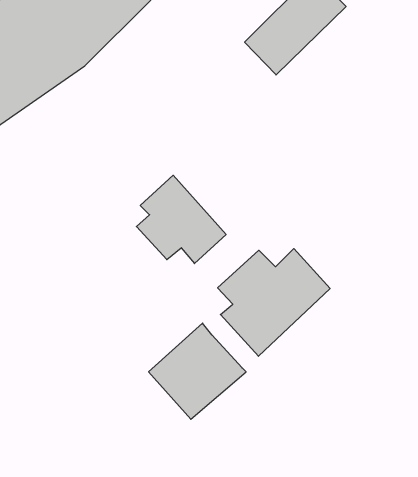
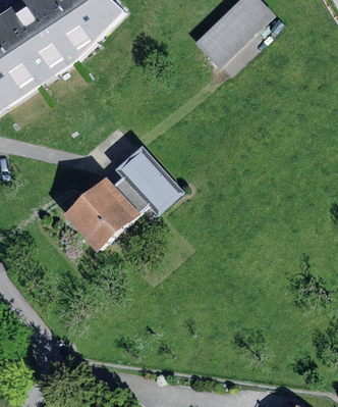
building: [218,249,330,356] -> none
building: [149,323,246,419] -> [64,177,139,252]

